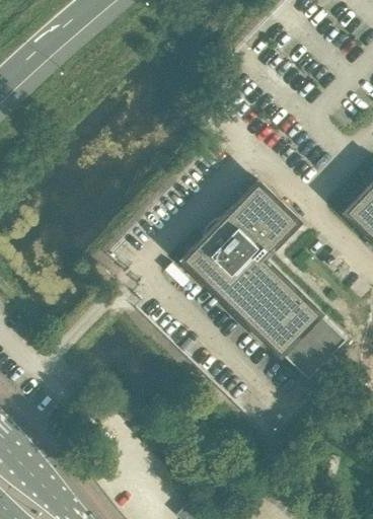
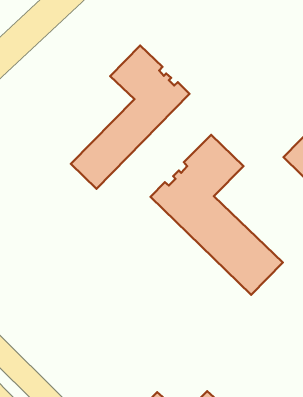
building: none -> [71,46,189,189]

